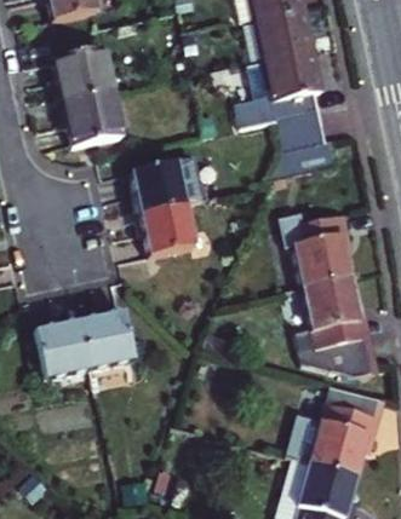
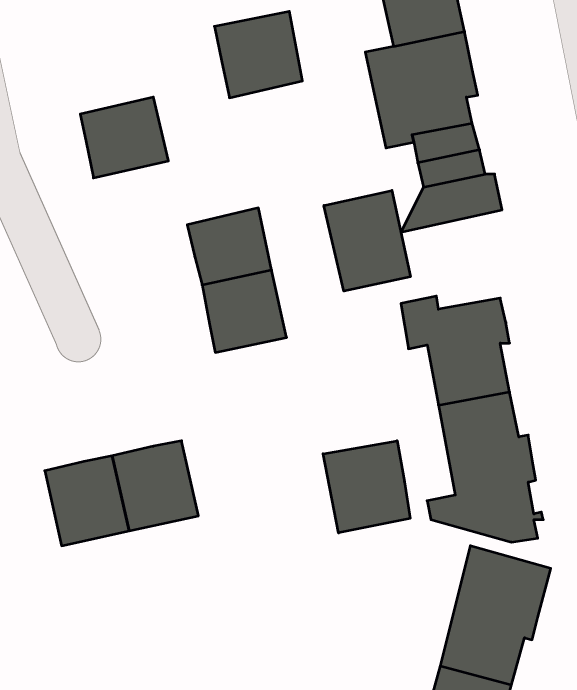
building: [56,44,113,99] -> [214,11,302,98]
building: none -> [324,190,410,291]
building: none -> [323,441,410,533]

